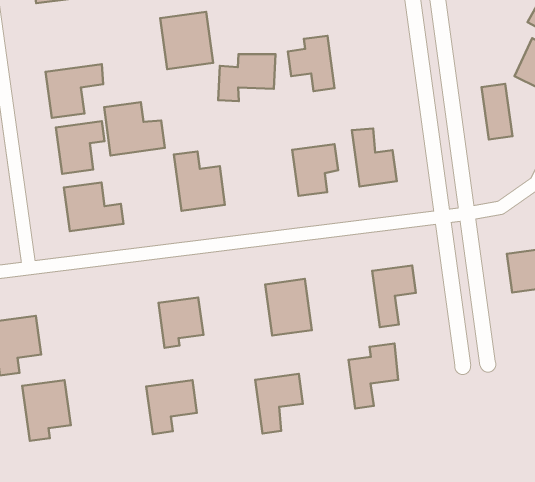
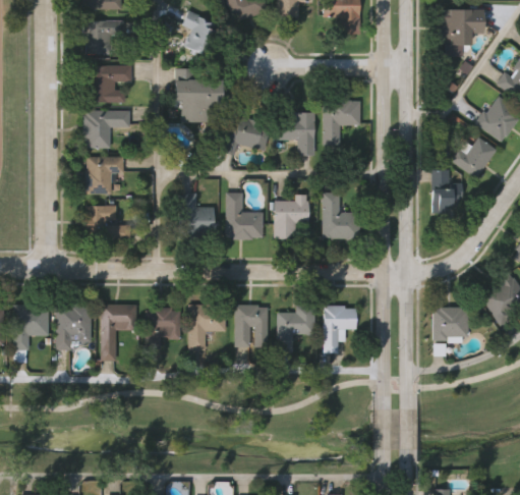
building: none -> [90,66,125,103]
building: none -> [323,100,360,148]
building: [104,102,165,155] -> none
building: none -> [226,192,264,238]
building: [348,343,398,408] -> [279,305,317,352]
building: [255,374,303,433] -> [191,307,227,350]
building: [22,380,71,441] -> [58,305,93,349]
building: [146,380,197,434] -> [101,305,138,343]

